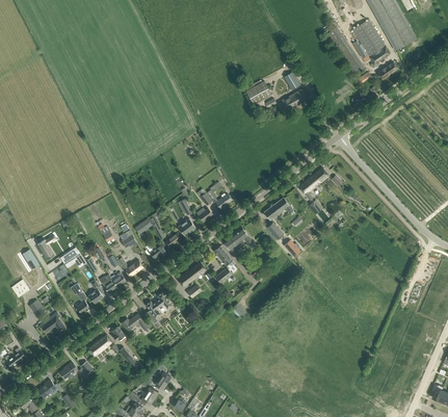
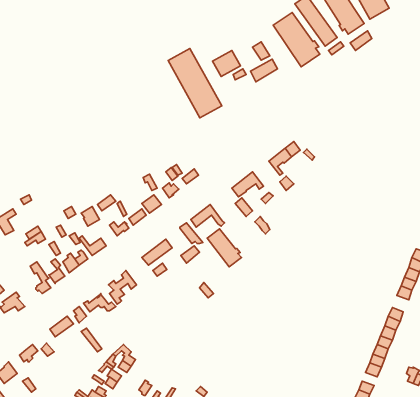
building: none -> [273,12,320,67]
building: none -> [168,49,222,118]
building: none -> [207,229,241,267]

